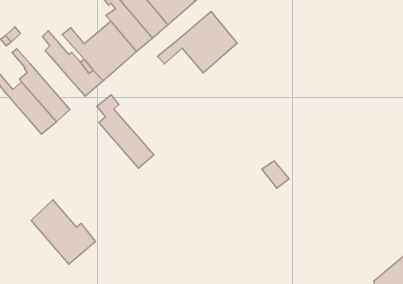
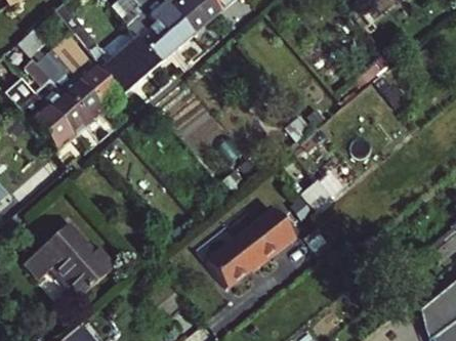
building: [157,12,237,73] -> none
building: [97,95,154,168] -> [44,44,106,123]
building: none -> [204,204,292,284]
building: none -> [27,243,88,297]

